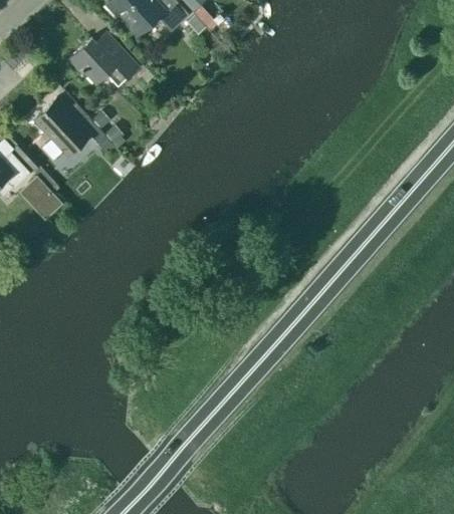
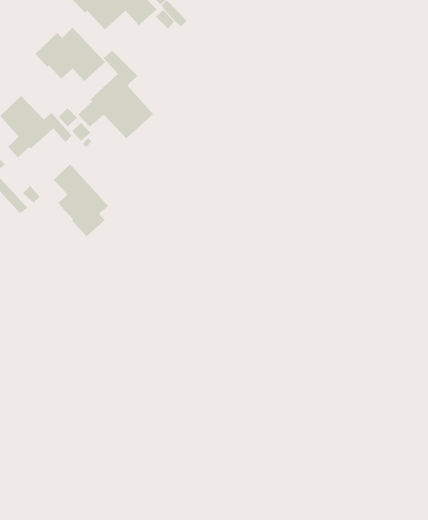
building: none -> [78,50,154,139]
building: none -> [53,163,109,237]

